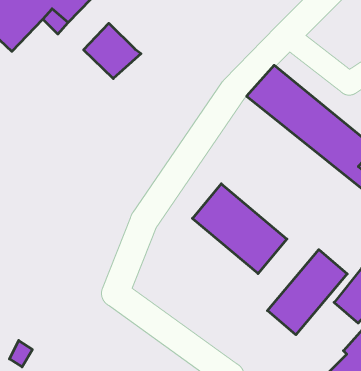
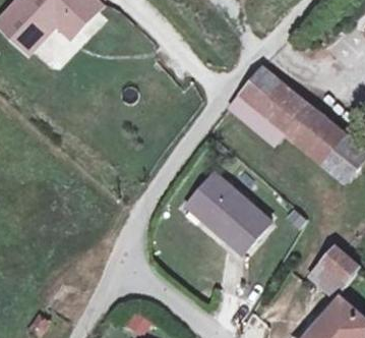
building: [84,23,141,79] -> none
building: [267,250,347,335] -> none

